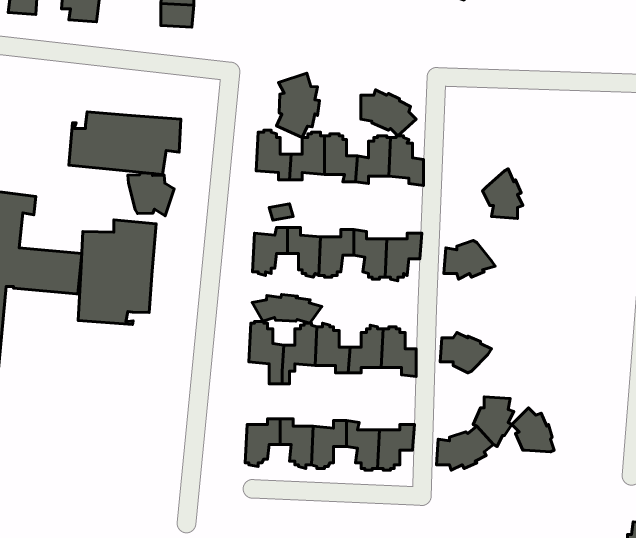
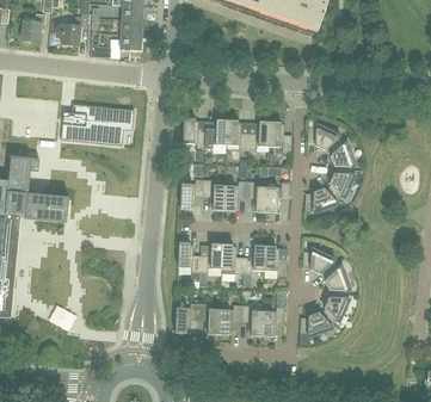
building: [276,73,320,138] -> none
building: [361,90,416,136] -> [308,123,344,153]
building: [128,173,174,216] -> none
building: none -> [326,172,355,200]
building: [78,220,156,324] -> none
building: [252,295,322,323] -> none
building: [512,408,554,452] -> [322,261,350,290]

